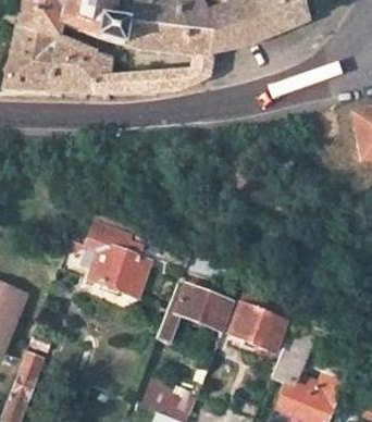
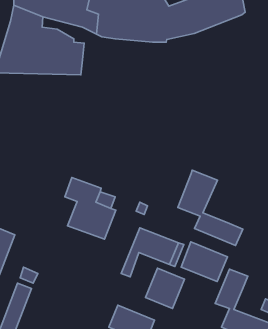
building: [106,53,211,94] -> none
building: none -> [178,170,243,245]
building: none -> [146,268,184,308]

